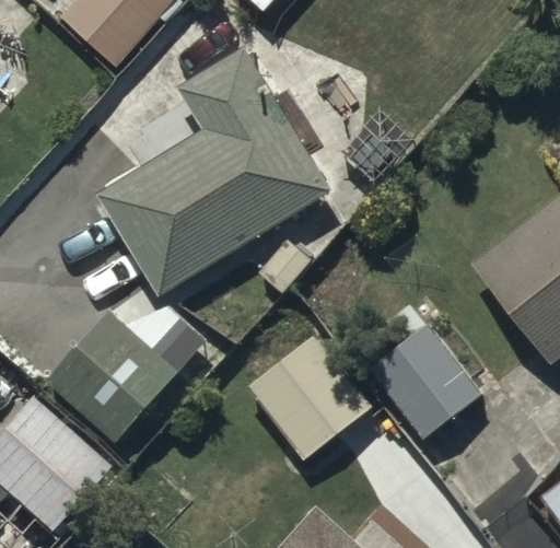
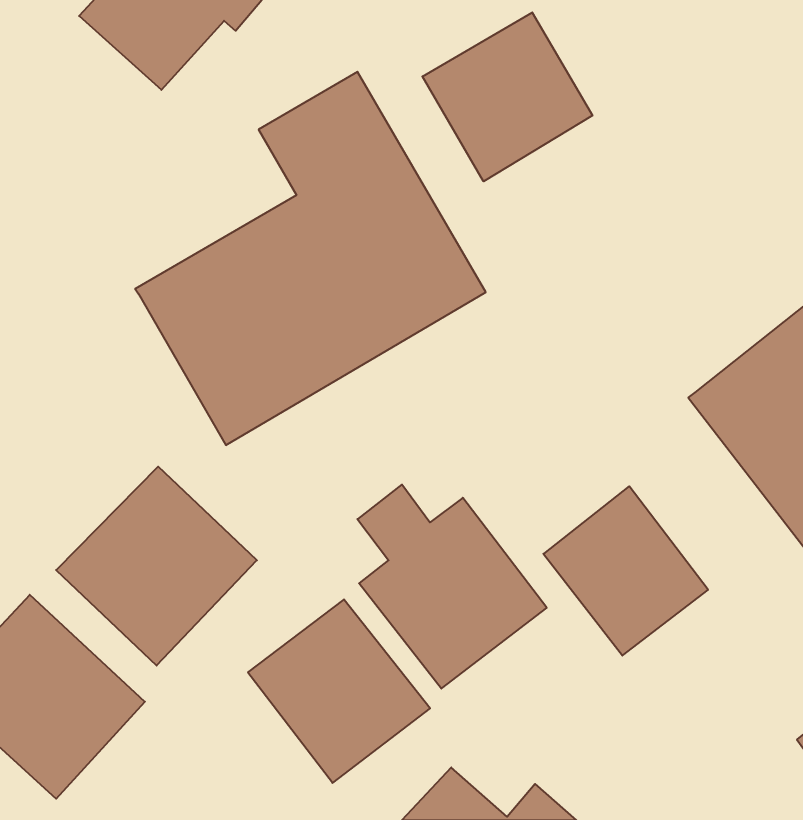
building: none -> [422,12,592,181]
building: none -> [248,599,430,783]

